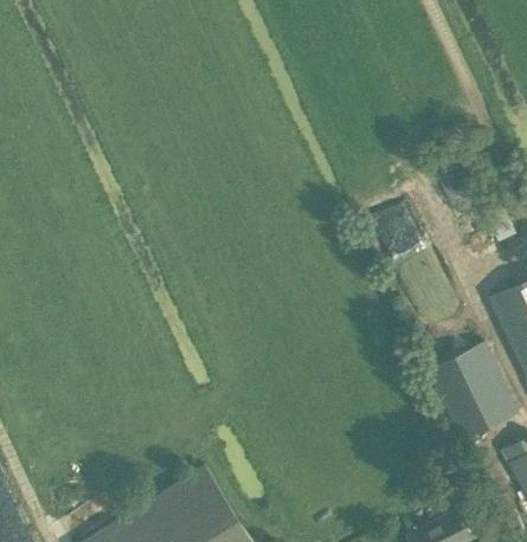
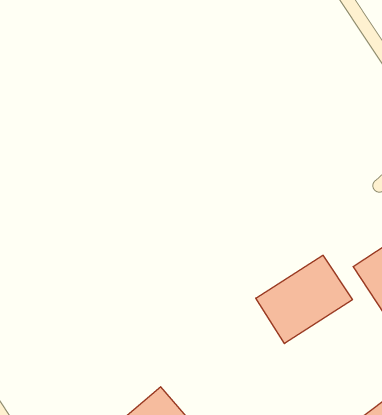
building: none -> [256,255,352,344]

